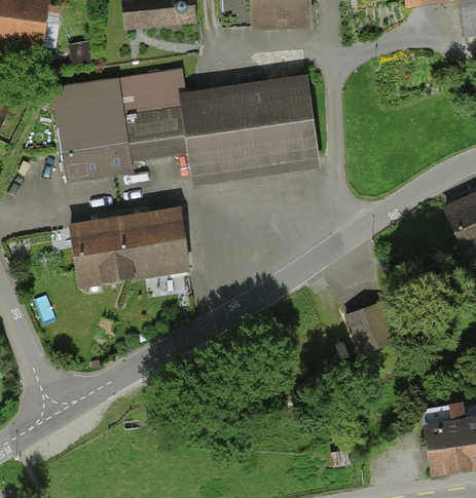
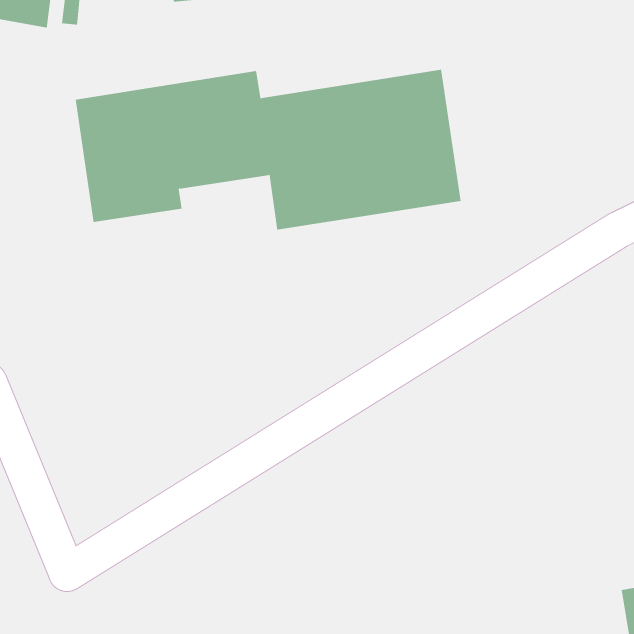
building: [72,206,190,280] -> none
building: [347,305,390,350] -> none

